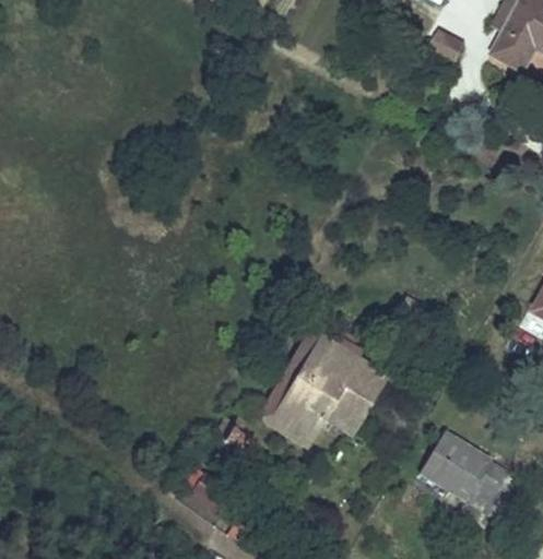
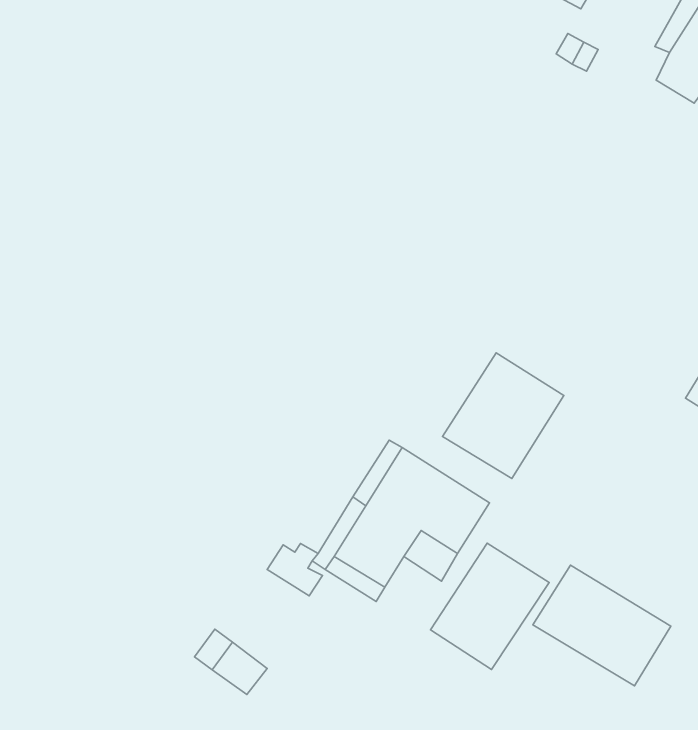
building: none -> [443,353,564,479]
building: none -> [431,543,549,669]

